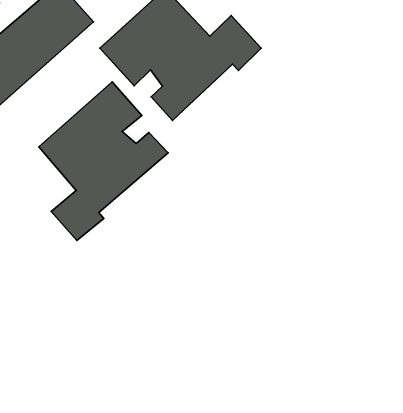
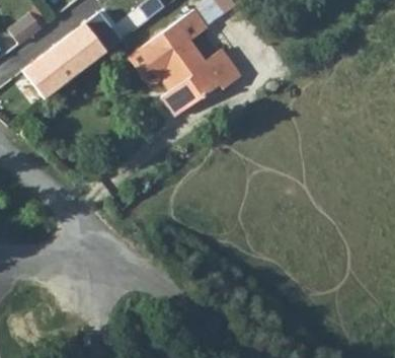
building: [39,82,168,241] -> none

